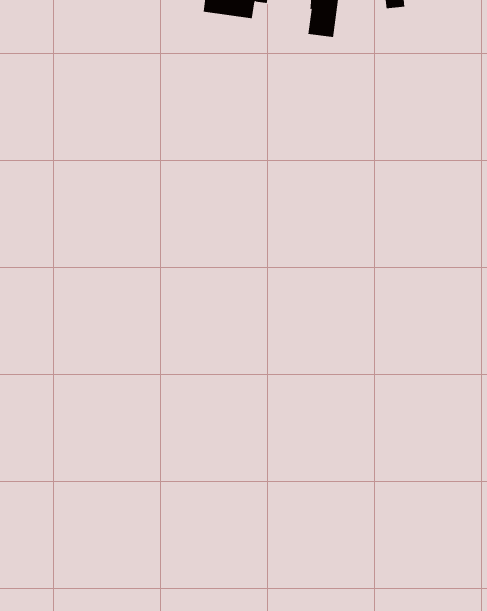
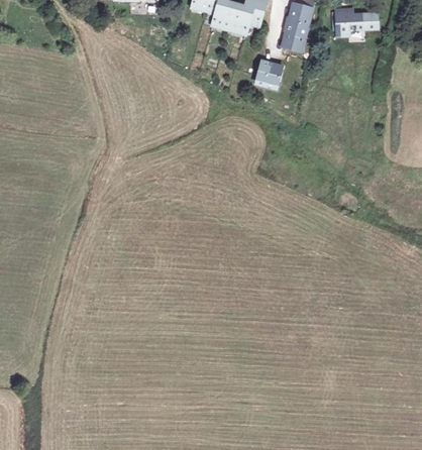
building: none -> [255,61,282,89]

